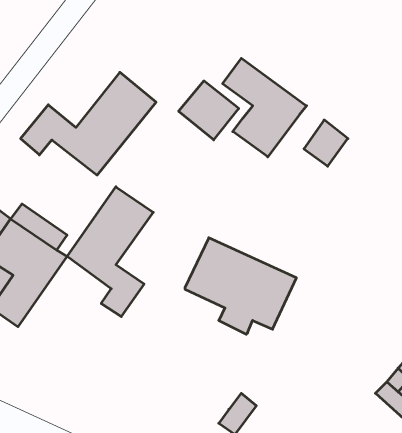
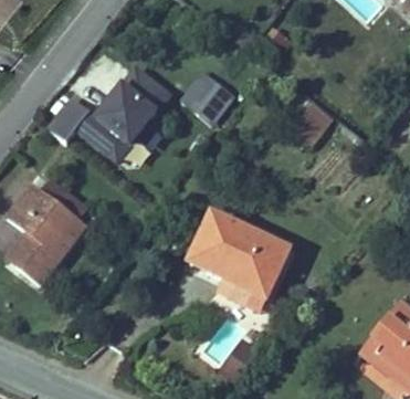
building: [223,58,307,157] -> none
building: [67,187,153,317] -> none

